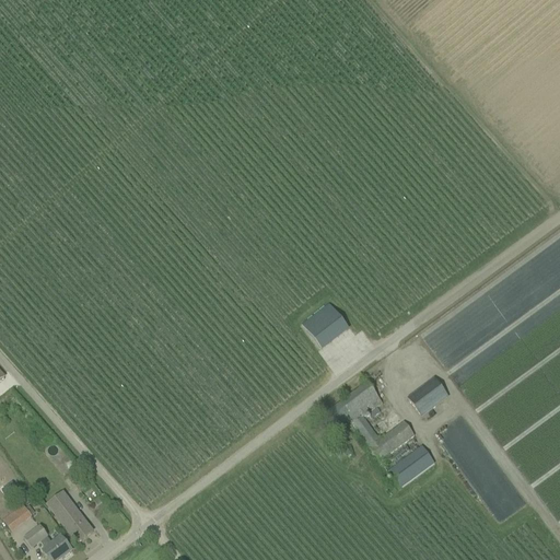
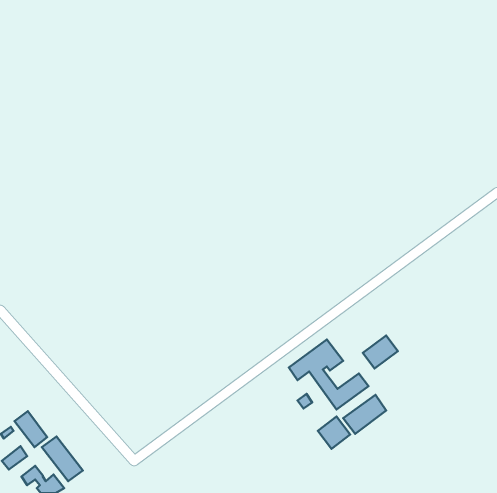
building: [299,302,347,349] -> none
building: none -> [14,411,47,447]
building: none -> [318,416,350,449]

